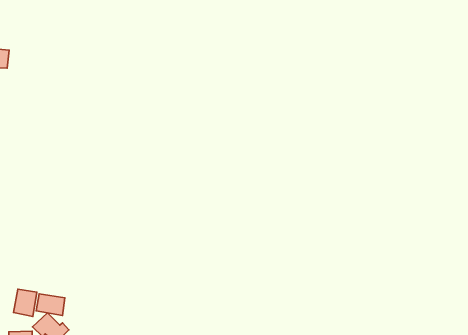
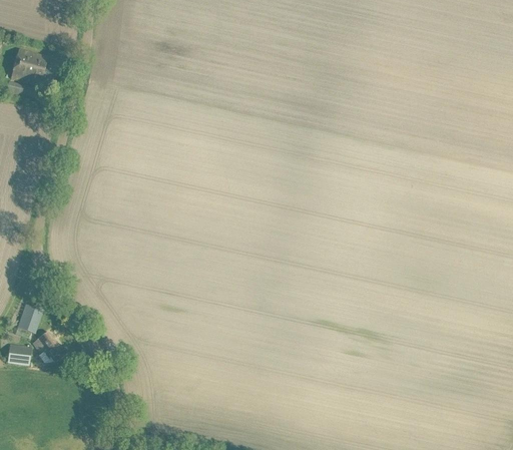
building: [36,294,65,315] -> none

